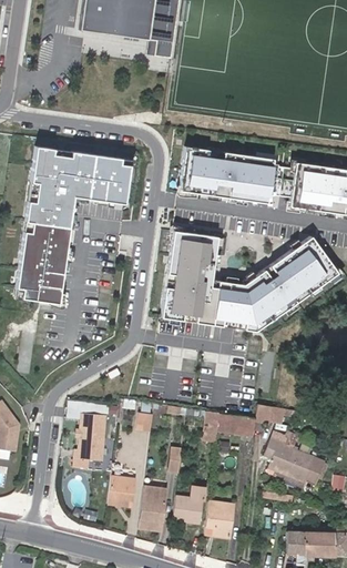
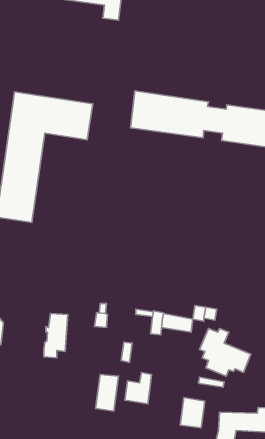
building: [162,230,336,331] -> none
building: [108,477,133,506] -> none
building: [204,499,234,536] -> [180,397,205,428]

